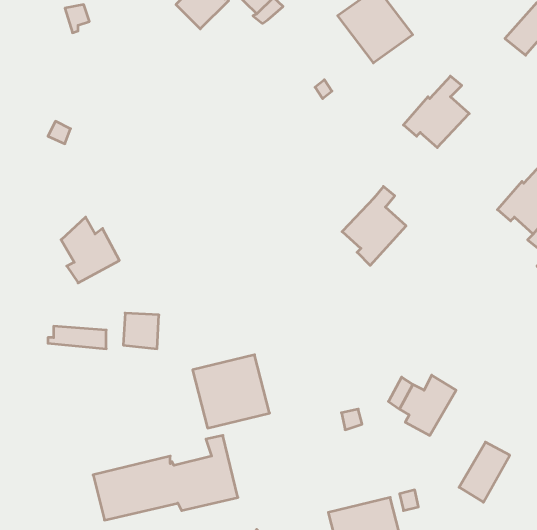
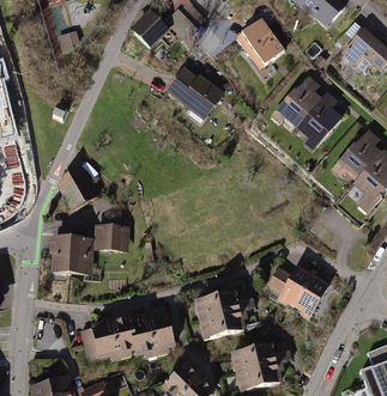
building: none -> [168,68,222,121]
building: [342,186,406,265] -> [300,92,340,142]
building: none -> [52,245,89,272]
building: [193,355,270,428] -> [194,291,243,337]
building: [459,442,510,502] -> [295,275,327,313]

